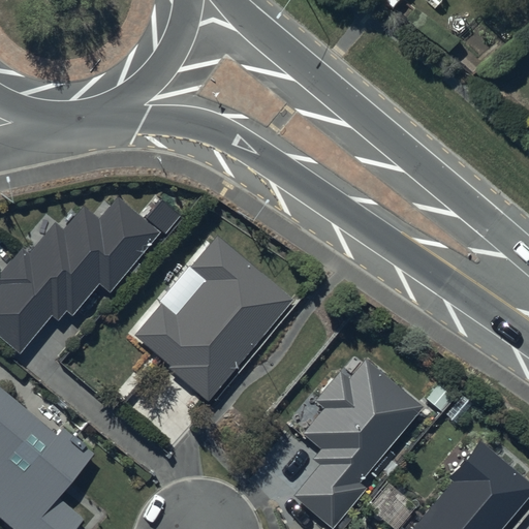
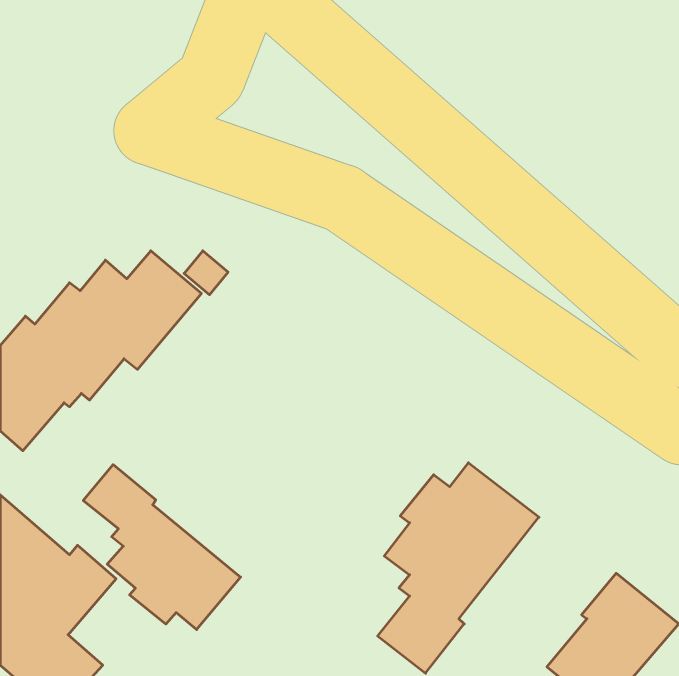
building: [134,237,291,400] -> none
building: none -> [83,465,241,630]

